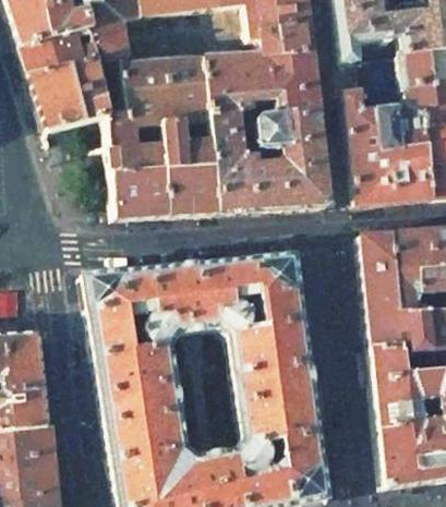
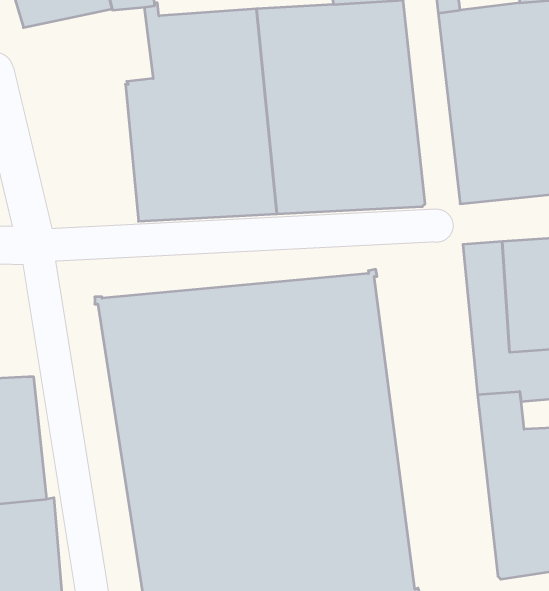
building: [31,58,109,130] -> none

